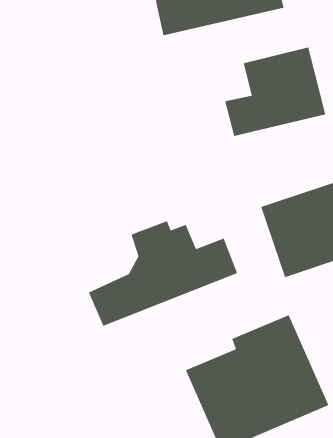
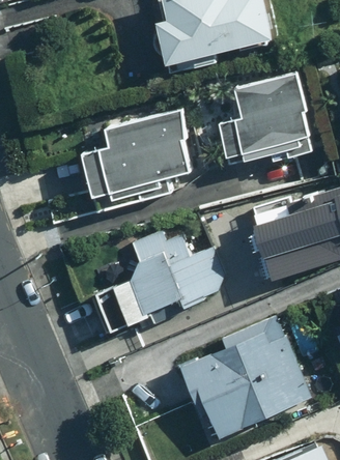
building: none -> [81,112,186,198]

